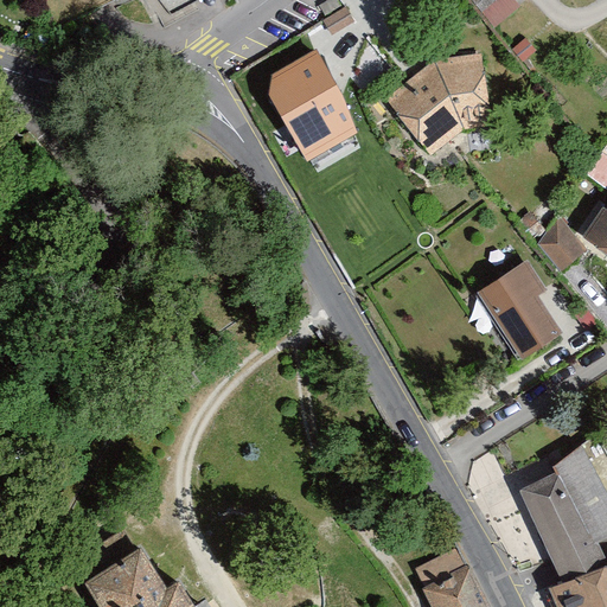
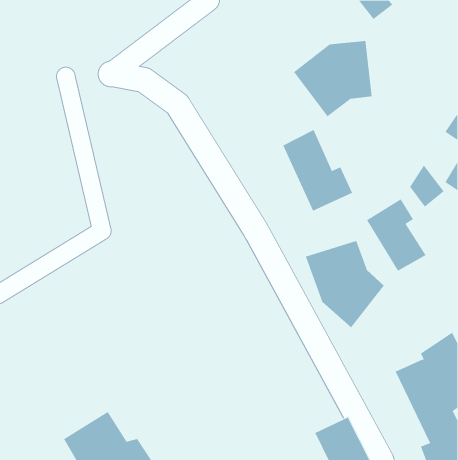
building: [266,53,357,165] -> none
building: none -> [282,129,353,211]
building: none -> [305,240,384,328]

